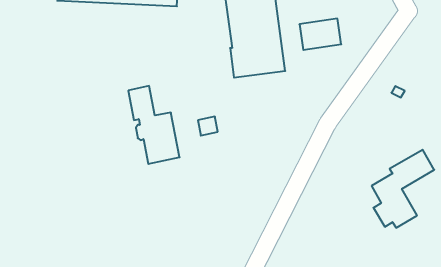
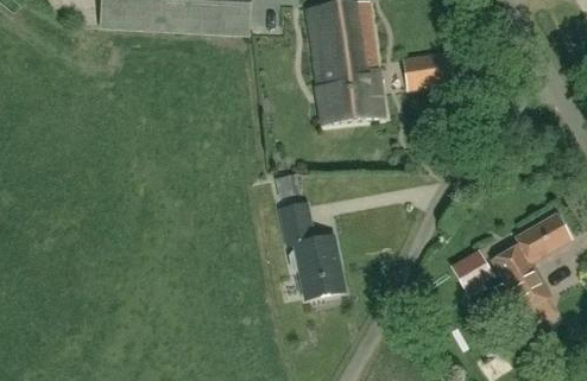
building: [128,86,180,164] -> [280,202,345,299]
building: none -> [452,250,492,291]

